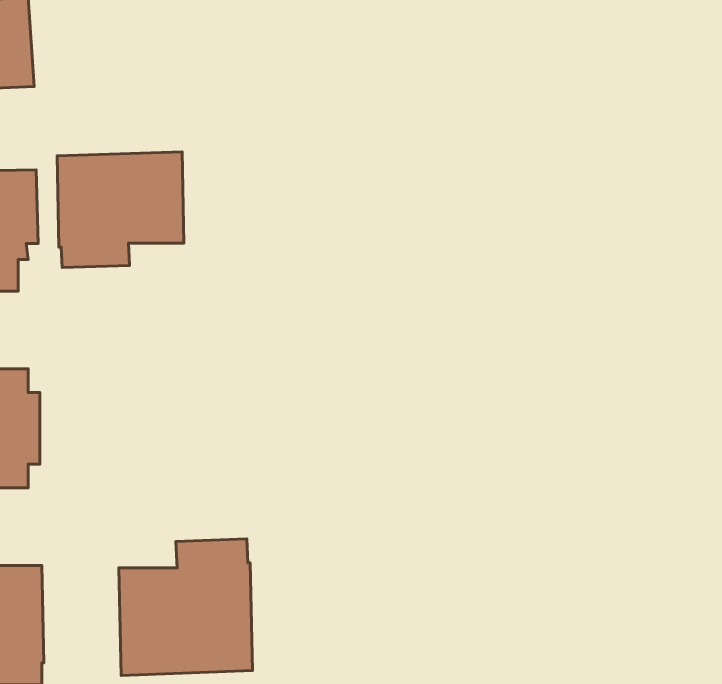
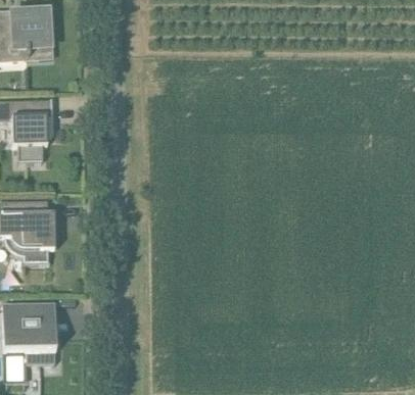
building: [57,152,184,268] -> none
building: [119,539,253,675] -> none

